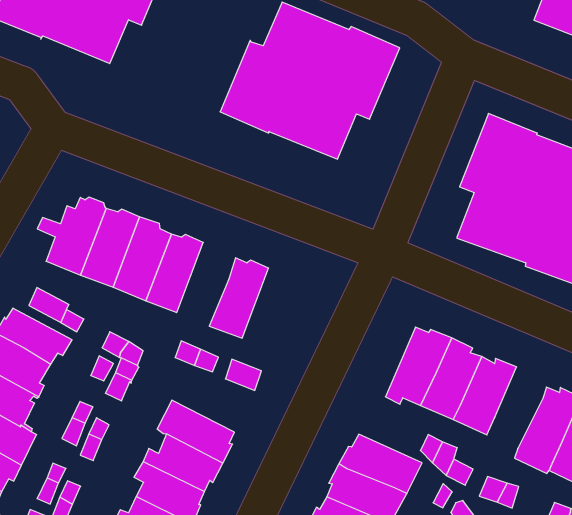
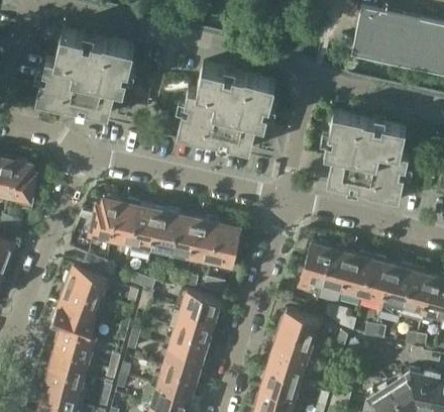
building: none -> [171,212,200,261]
building: none -> [211,221,240,272]
building: none -> [362,256,393,304]
building: none -> [176,289,222,320]

